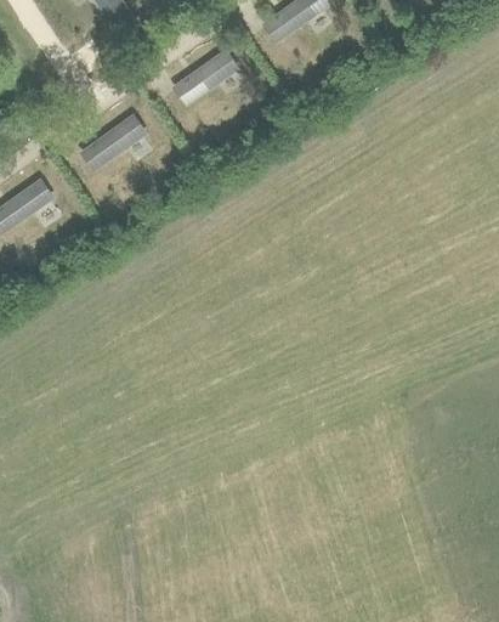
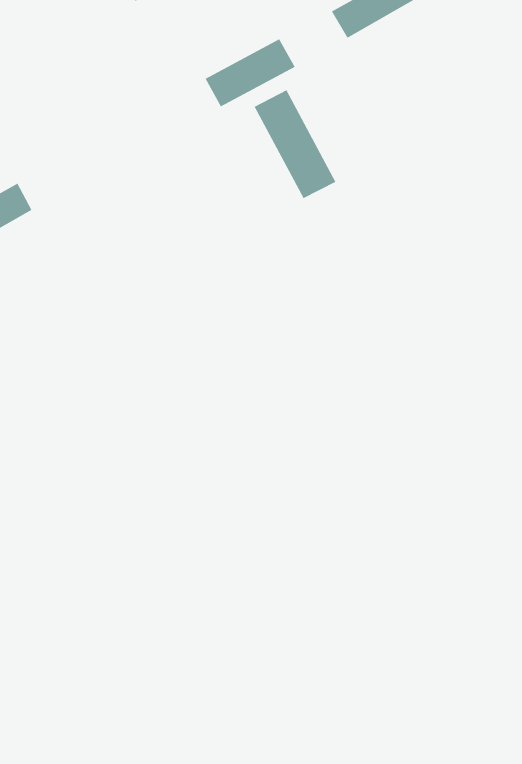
building: none -> [253,89,337,199]
building: [79,114,147,173] -> none

